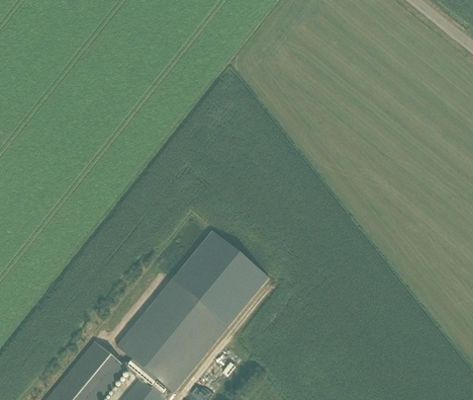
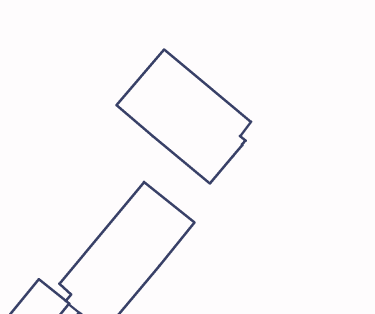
building: none -> [117,50,251,183]

